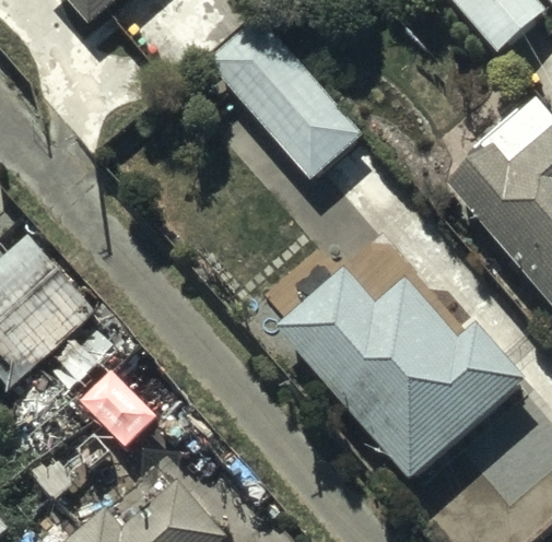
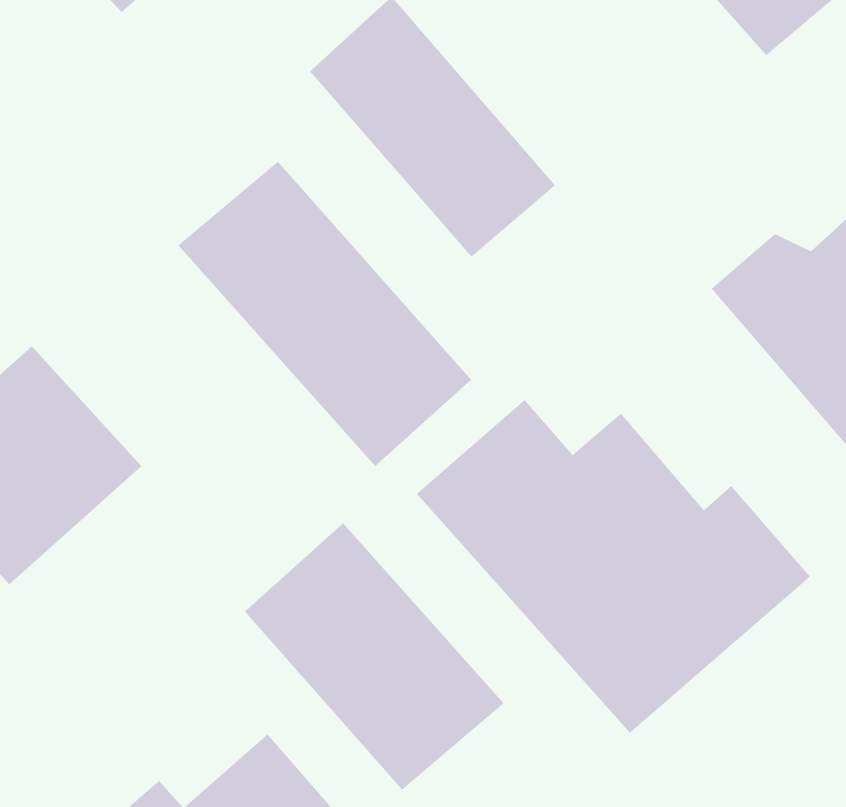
building: none -> [178,161,472,467]
building: none -> [244,523,504,790]

